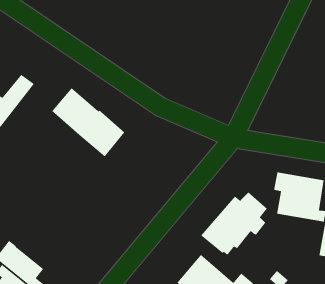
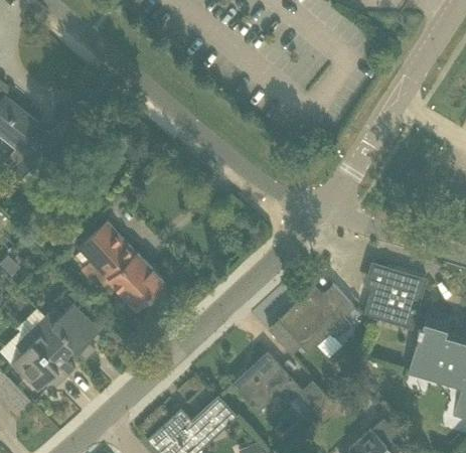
building: [51,87,125,157] -> [77,221,164,311]
building: none -> [44,303,99,358]

